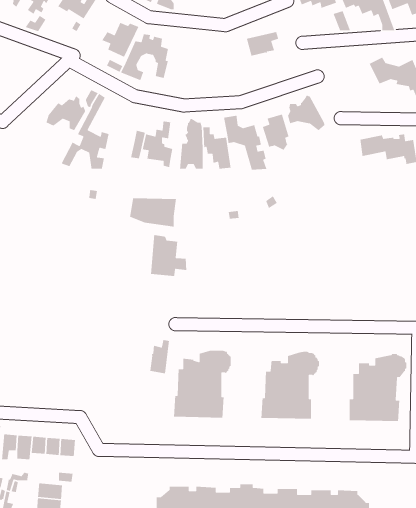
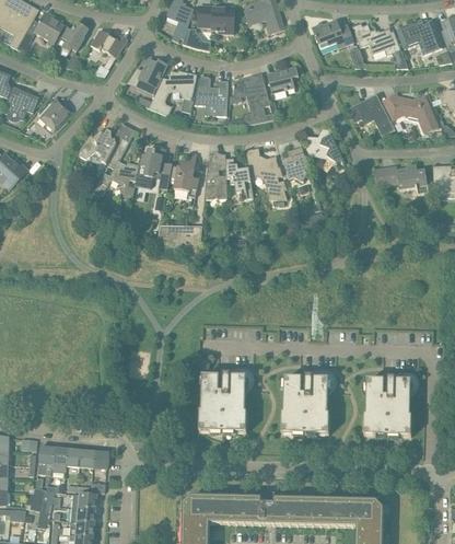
building: none -> [195,74,229,116]
building: none -> [233,76,275,124]
building: none -> [349,93,395,135]
building: none -> [40,94,71,131]
building: none -> [136,147,164,188]
building: [150,234,187,277] -> none
building: [148,339,170,374] -> none

